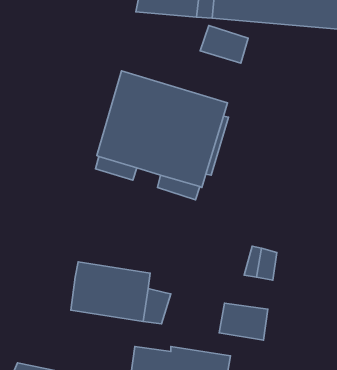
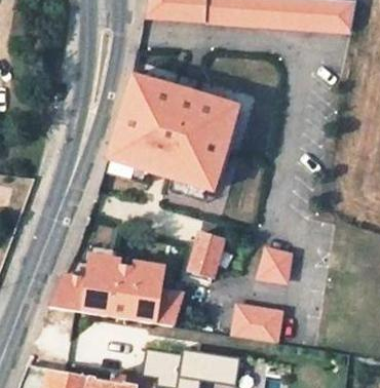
building: [200,25,248,63] -> none
building: none -> [190,233,224,276]
building: none -> [51,275,87,312]

